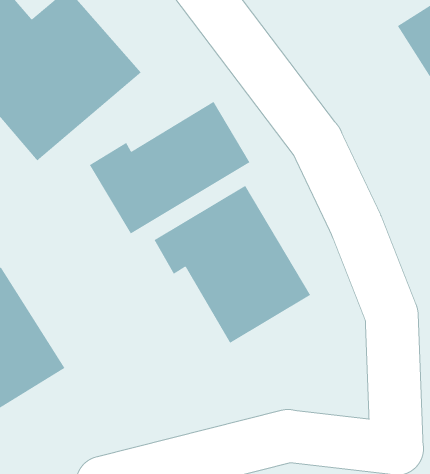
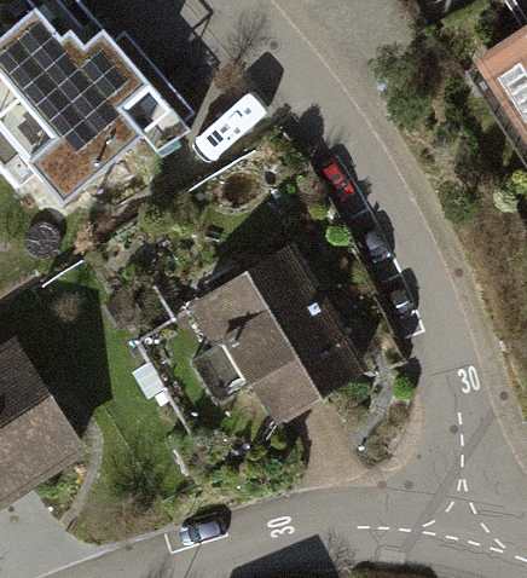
building: [89,101,250,234] -> none

